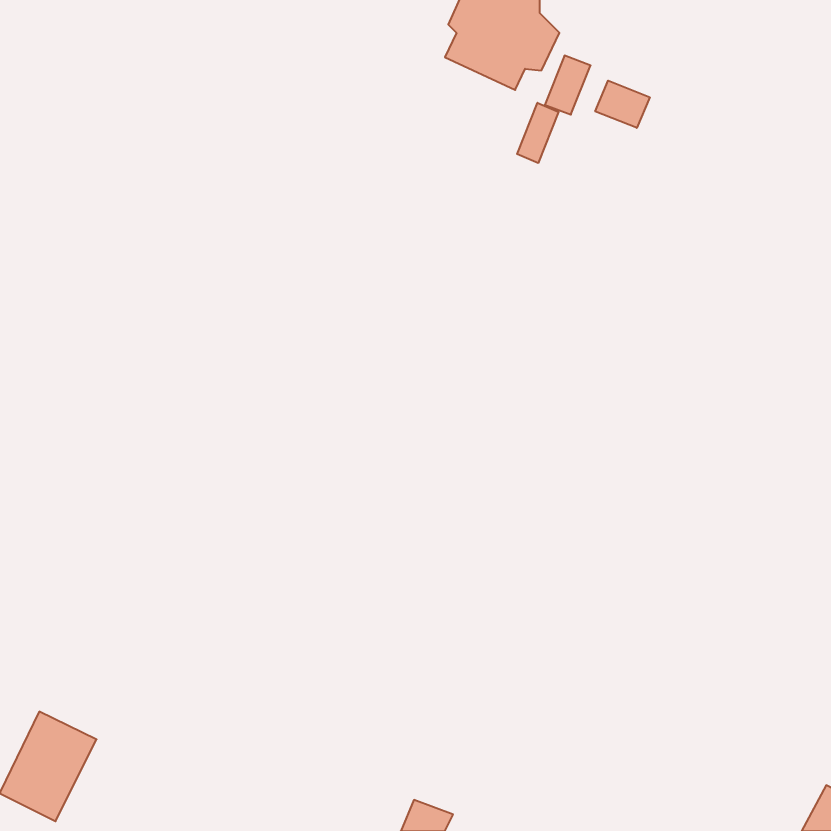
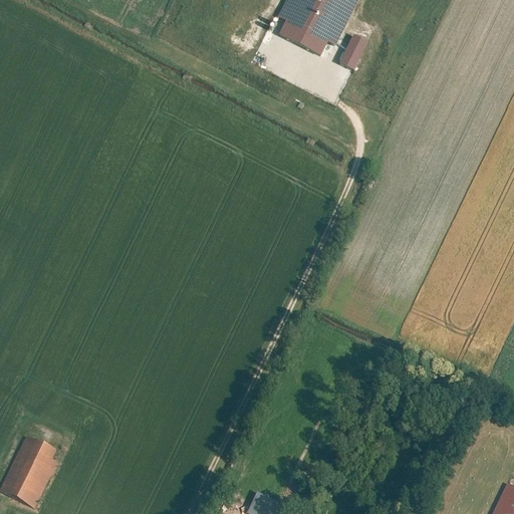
building: [595,81,650,128] -> none
building: [517,103,559,163] -> none

